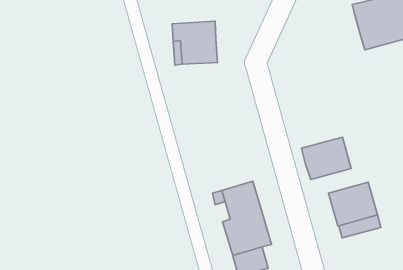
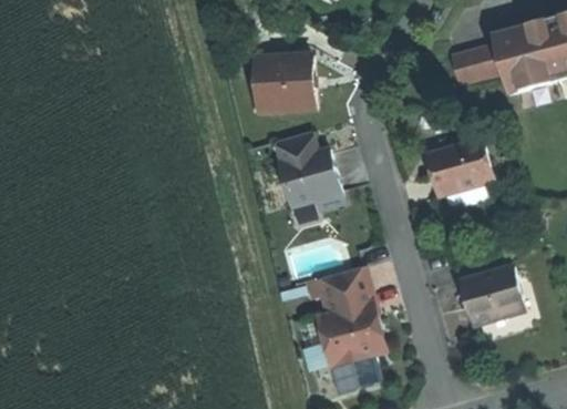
building: none -> [450,42,503,85]
building: none -> [276,132,342,207]
building: [301,137,351,179] -> [427,140,493,195]

